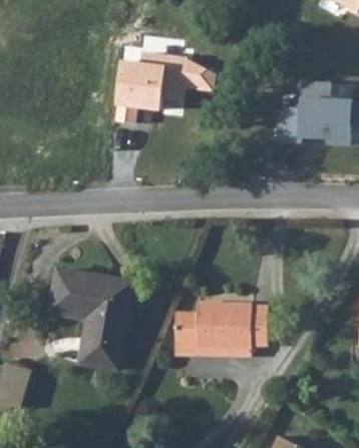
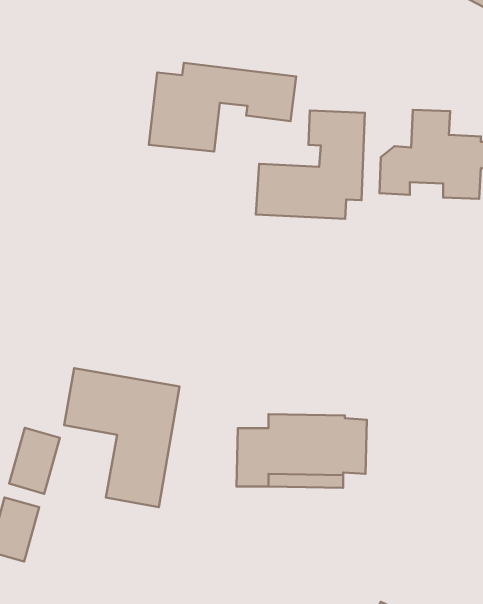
building: none -> [256,110,365,219]
building: none -> [9,428,60,494]

